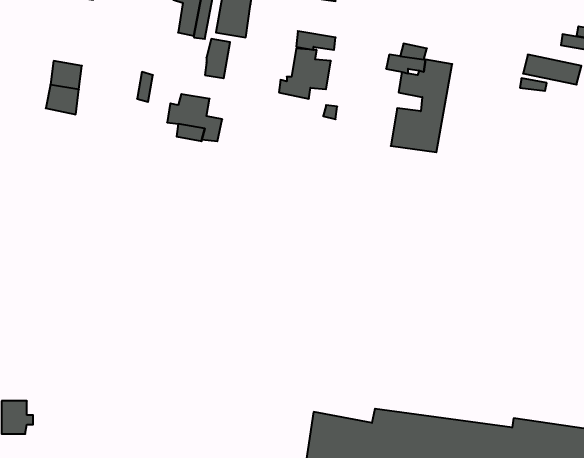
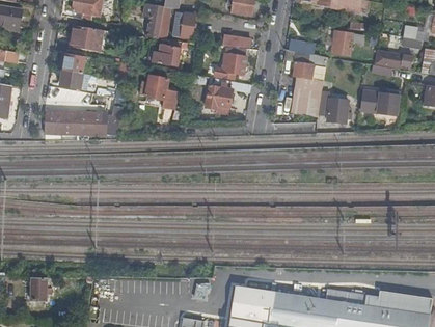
building: none -> [69,24,104,52]
building: none -> [330,31,352,55]
building: none -> [203,84,232,109]
building: none -> [361,86,400,116]
building: none -> [326,98,348,122]
building: none -> [44,106,120,135]

